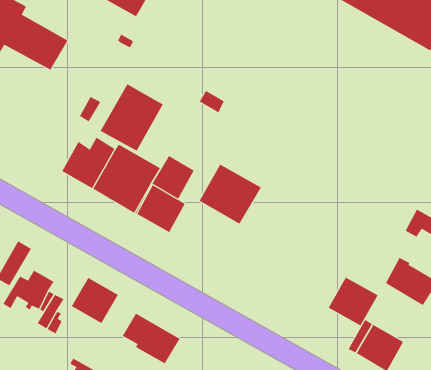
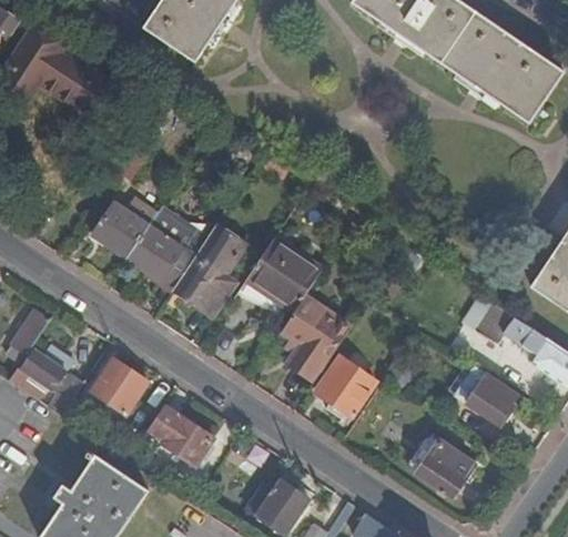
building: [100,83,164,151] -> none
building: none -> [282,295,345,373]
building: [328,277,378,326] -> [315,356,375,415]

